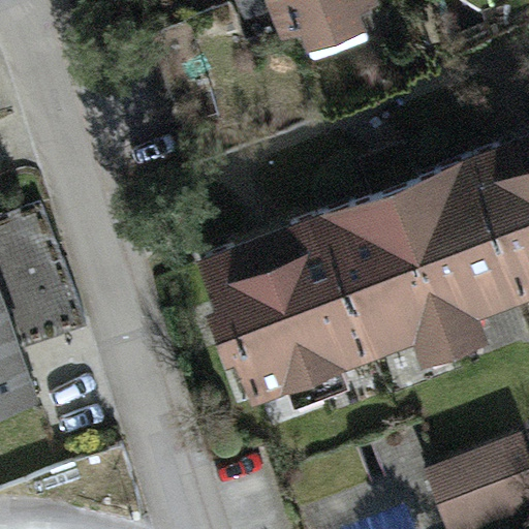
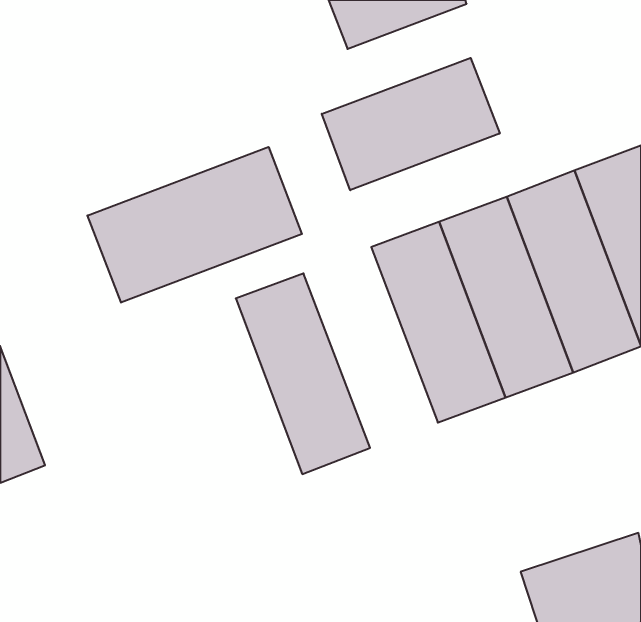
building: none -> [322,58,500,190]
building: none -> [87,147,302,303]
building: [250,219,361,384] -> none

